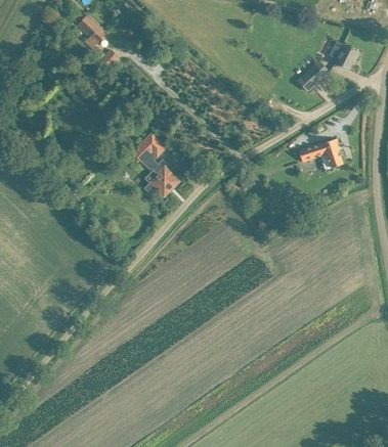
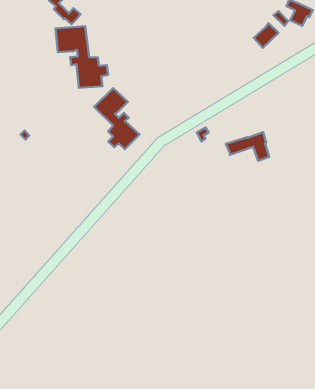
building: none -> [55,26,108,88]
building: [298,138,343,168] -> [226,132,269,161]

